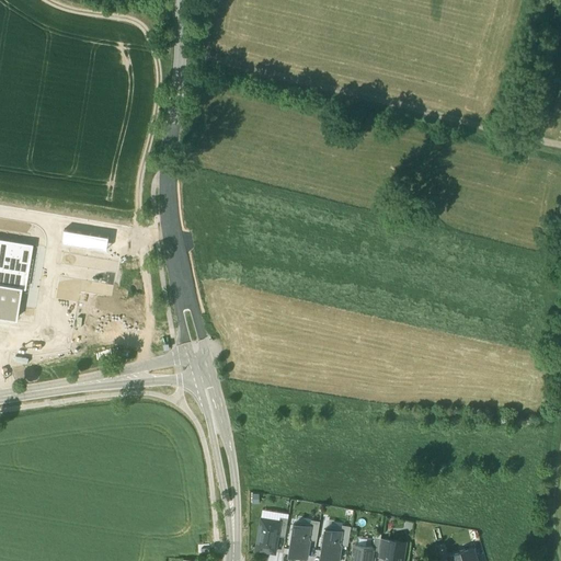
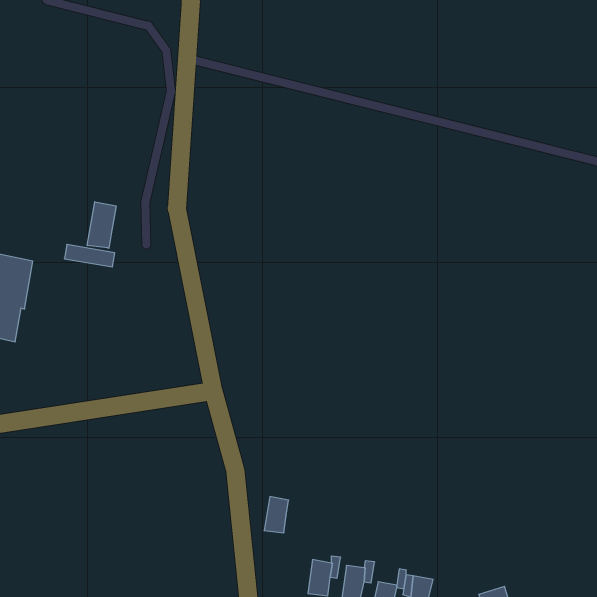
building: none -> [87,202,116,248]
building: [255,519,278,553] -> [264,497,289,533]

